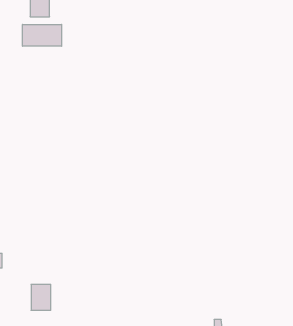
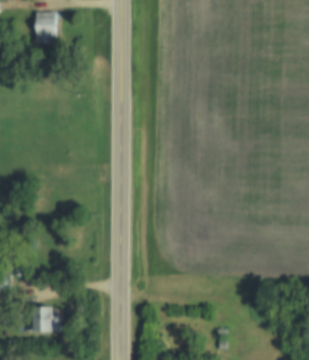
building: [23,24,62,46] -> none

